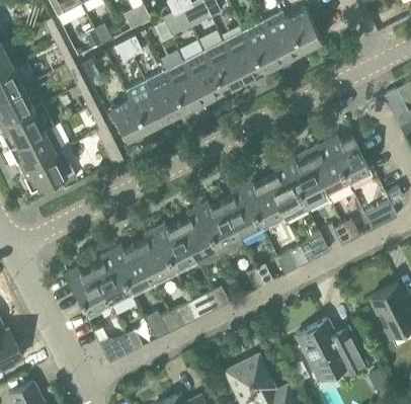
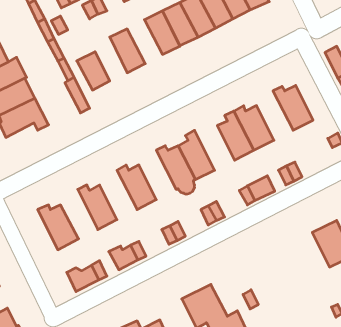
building: [165,62,204,110] -> none
building: [127,81,165,130] -> none
building: [309,141,349,195] -> none
building: [240,179,284,229] -> none
building: [364,200,398,230] -> none
building: [178,207,220,266] -> none
building: [135,229,176,284] -> none
building: [91,250,133,305] -> none
building: [297,320,365,380] -> none

